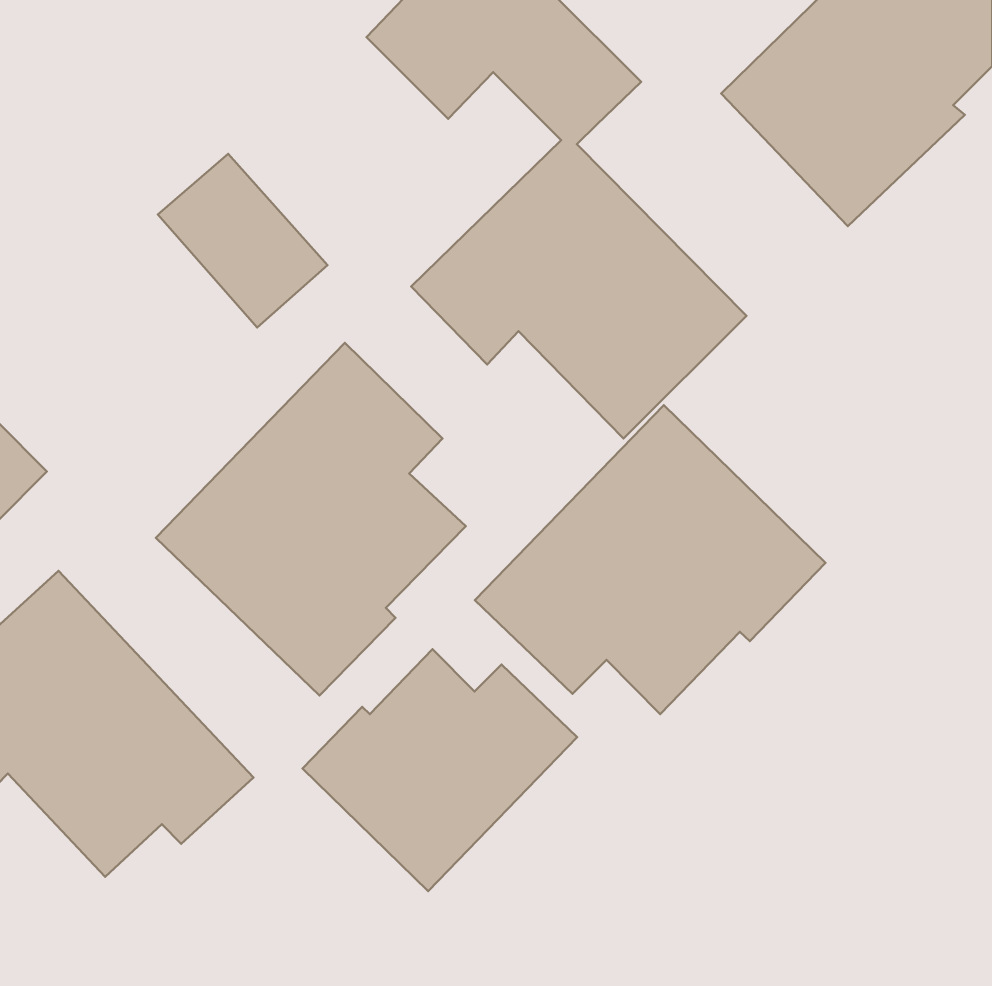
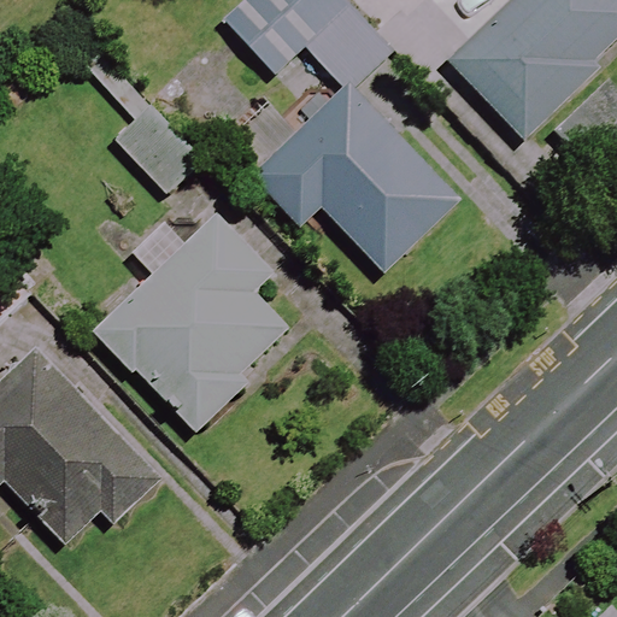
building: [475,405,825,714] -> none
building: [303,649,577,891] -> none

